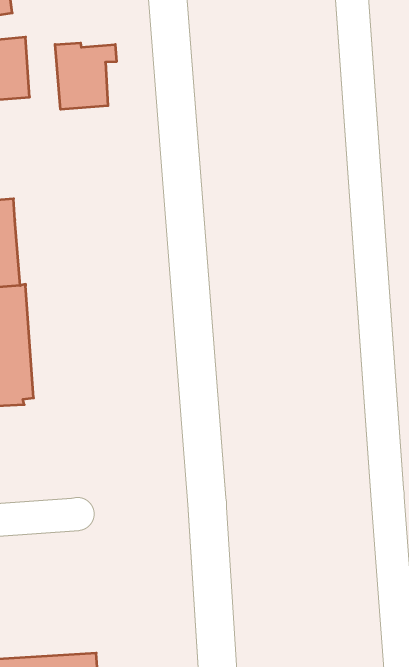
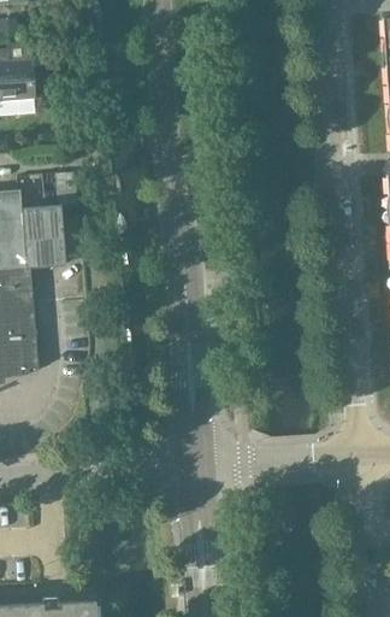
building: [55,43,116,109] -> none
building: none -> [22,205,82,269]

